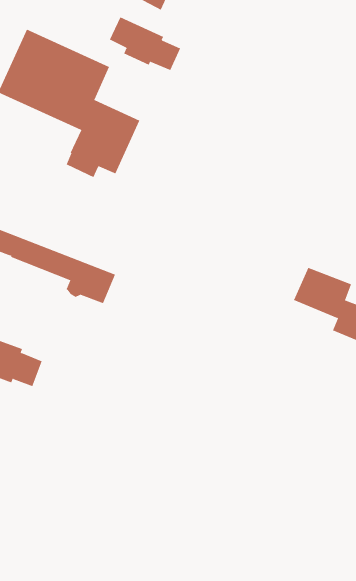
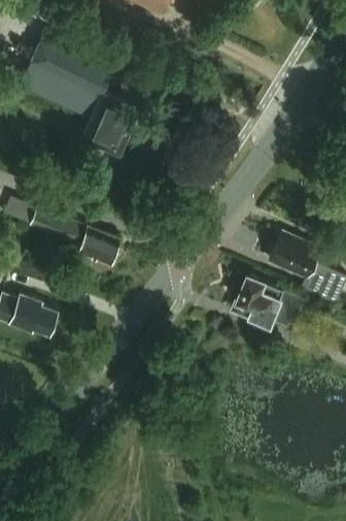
building: [109,16,181,71] -> none
building: none -> [231,276,298,326]

